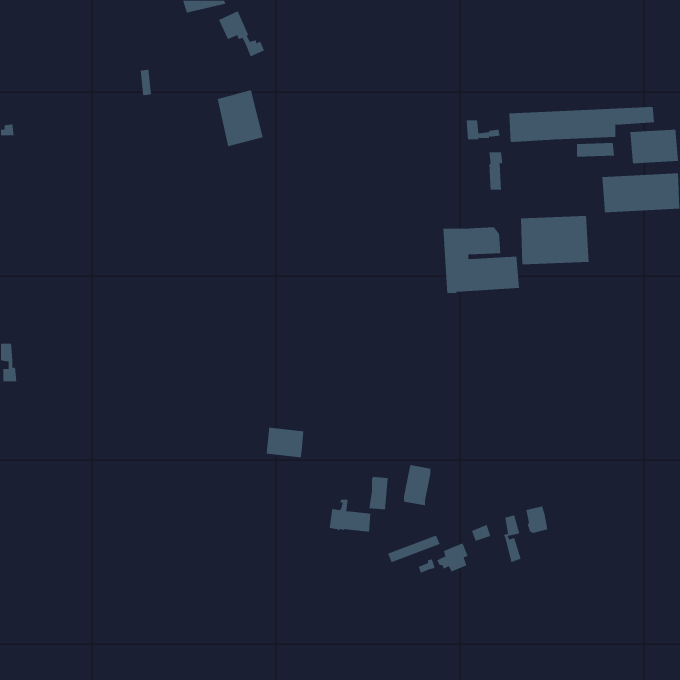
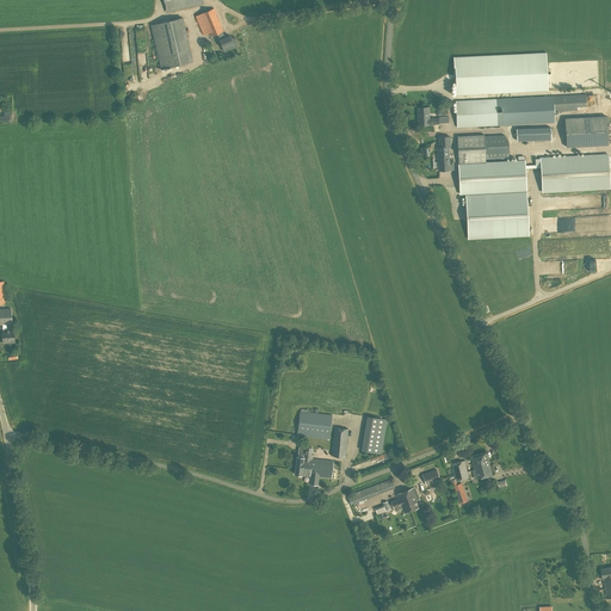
building: none -> [453,53,548,95]
building: [217,90,263,147] -> [152,18,193,69]
building: [443,227,520,293] -> [457,135,526,195]
building: [266,427,304,458] -> [297,412,332,439]

